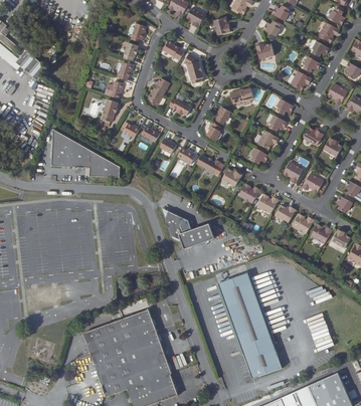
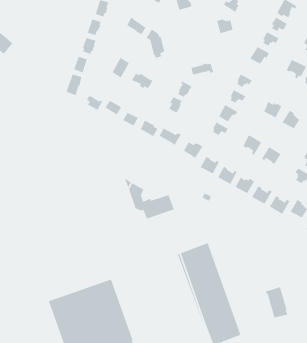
building: [51,128,120,177] -> none

